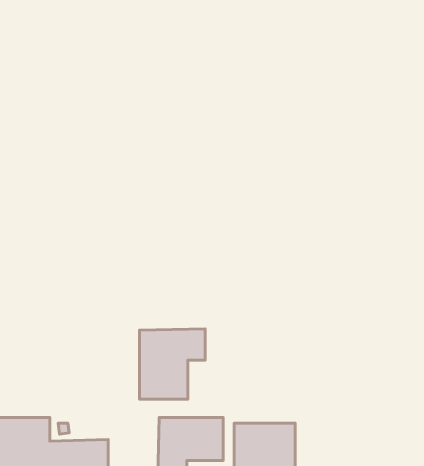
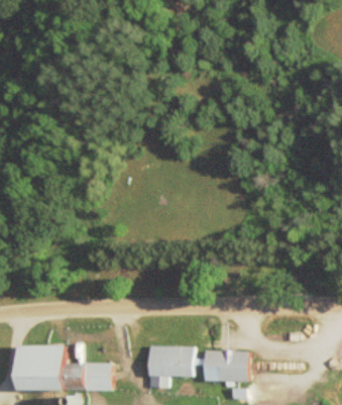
building: [139,329,205,399] -> none

